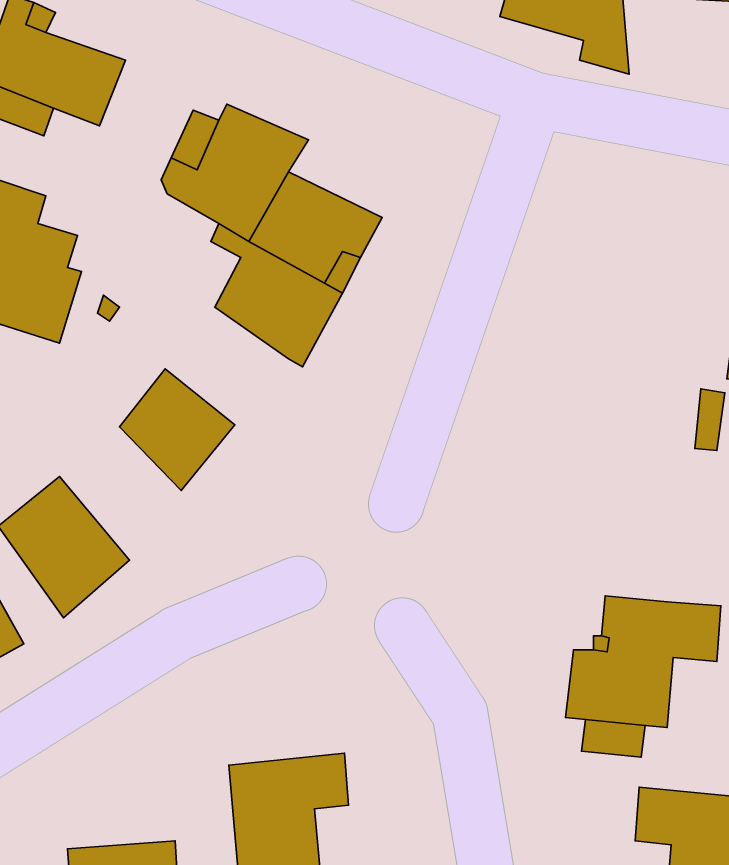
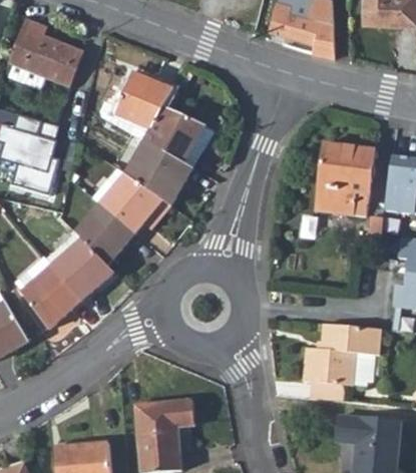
building: none -> [318,142,374,215]
building: none -> [92,166,163,233]
building: none -> [48,234,115,302]

